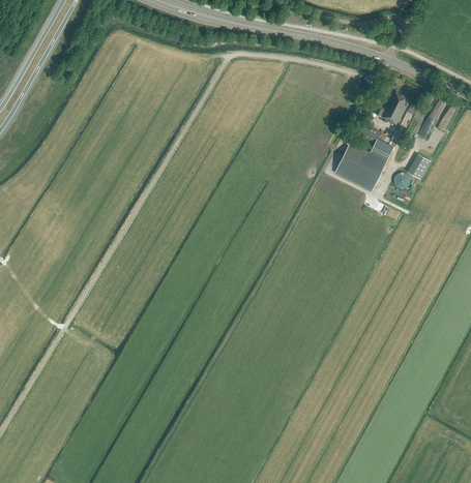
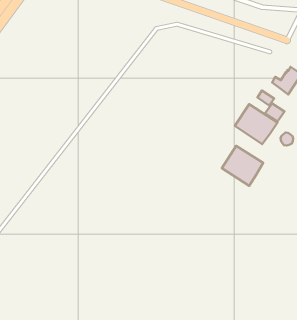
building: none -> [222,146,263,186]

